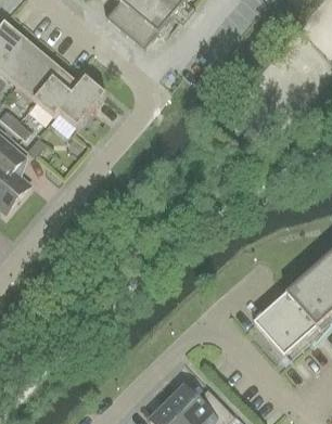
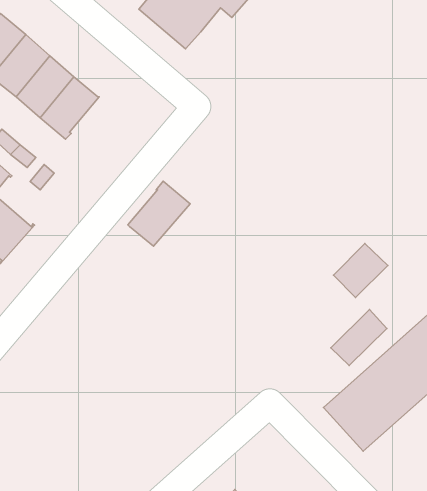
building: [56,78,104,128] -> [128,181,190,246]
building: none -> [334,243,388,297]
building: none -> [331,310,387,365]

